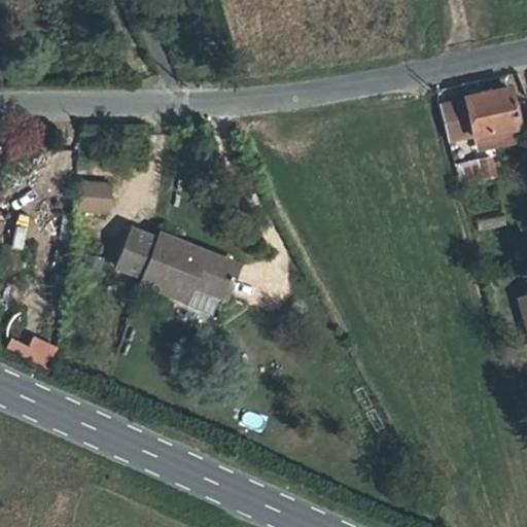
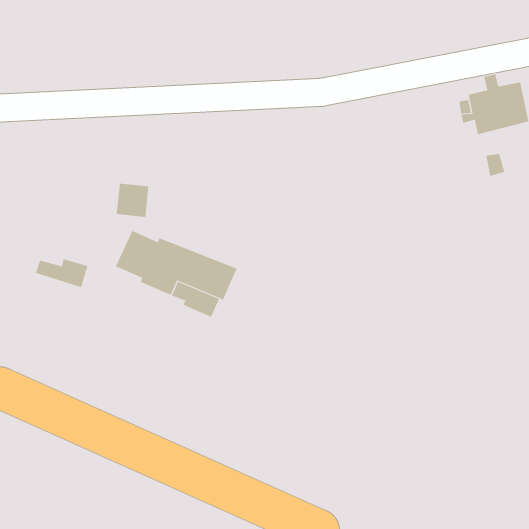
building: [75,178,108,212] -> [116,183,149,217]
building: [5,336,58,364] -> [35,259,88,288]

